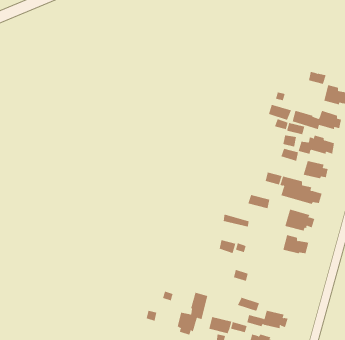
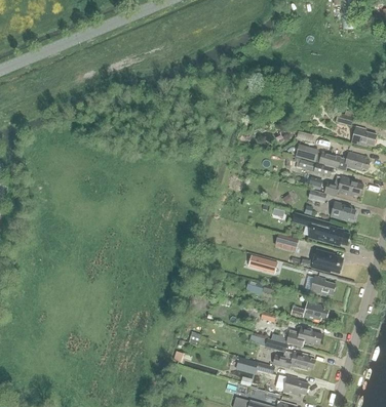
building: none -> [290,300,327,319]
building: none -> [285,325,321,347]
building: [177,292,208,335] -> none

